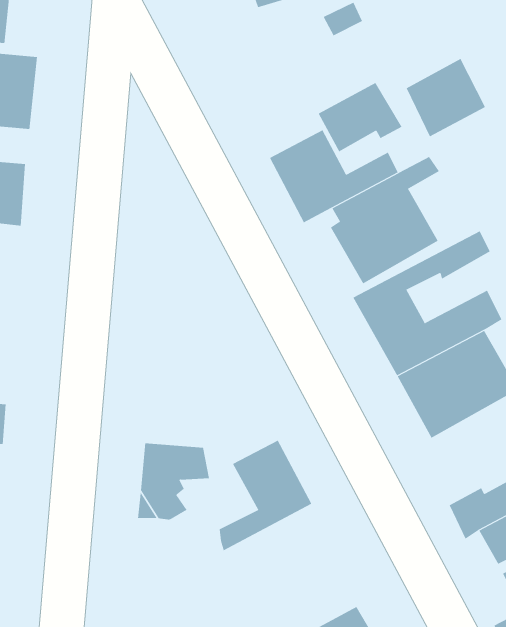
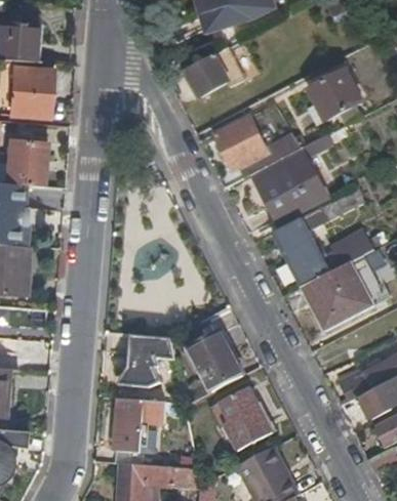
building: [318,82,403,152] -> [186,49,244,97]
building: none -> [221,387,276,452]
building: none -> [113,396,185,451]

